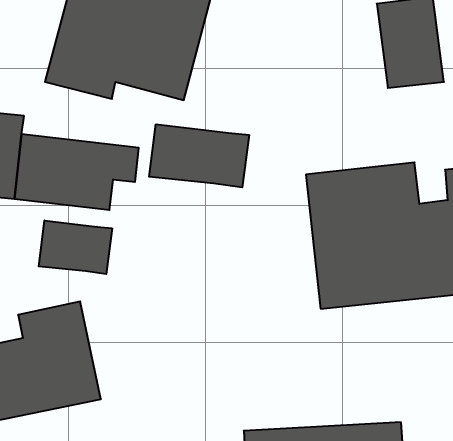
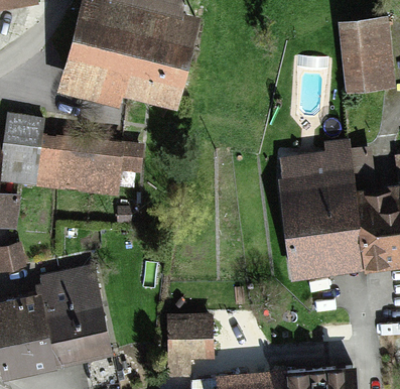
building: [149,124,249,187] -> none
building: [39,220,112,274] -> none
building: none -> [164,316,211,360]

